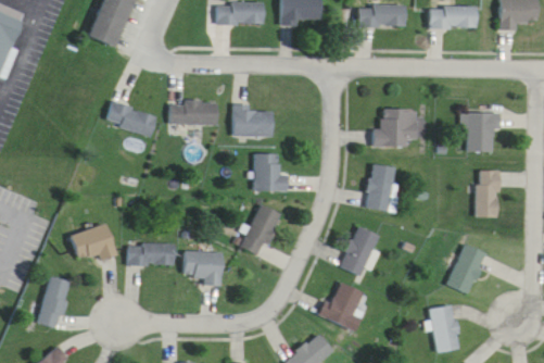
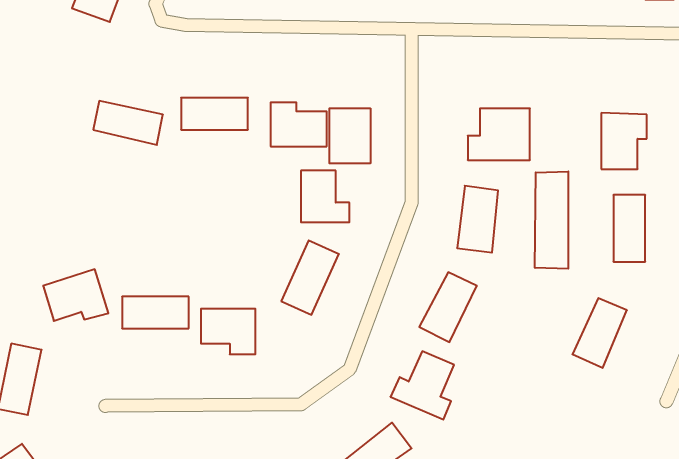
building: none -> [329,108,370,163]
building: none -> [535,171,568,269]
building: [432,306,460,352] -> none

